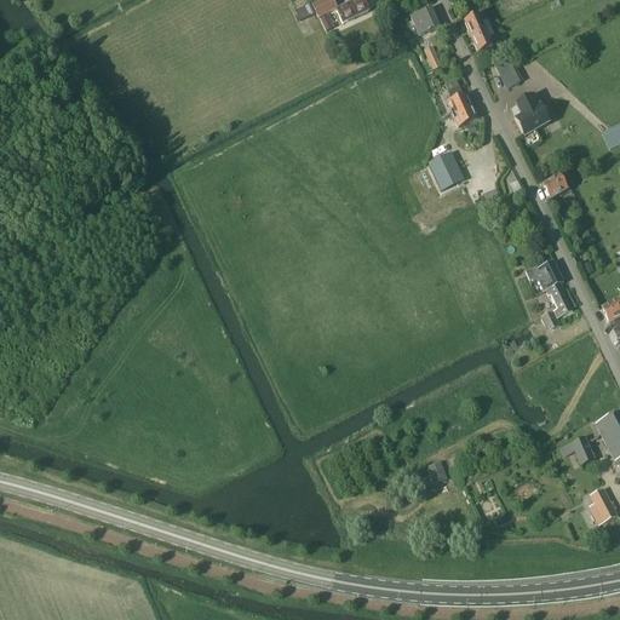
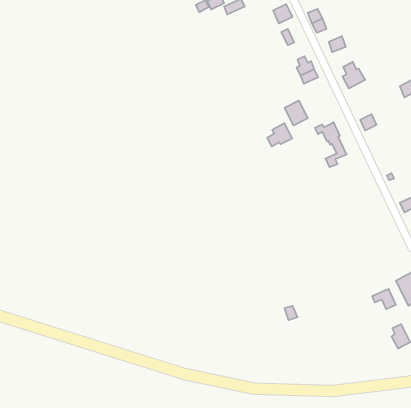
building: none -> [267,123,292,147]
building: [526,262,573,329] -> [315,122,346,167]

